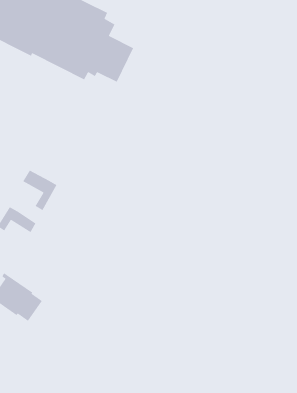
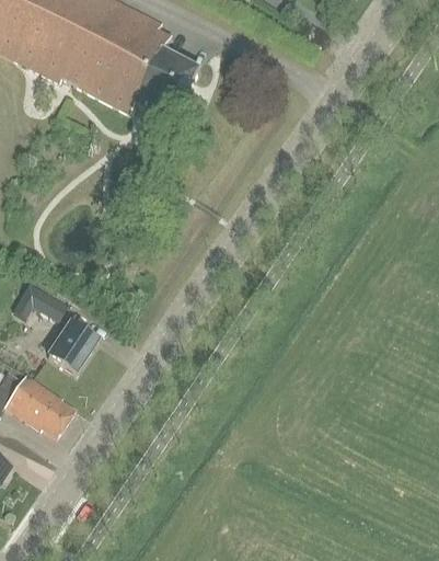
building: [22,169,58,211] -> none
building: none -> [47,322,96,374]

